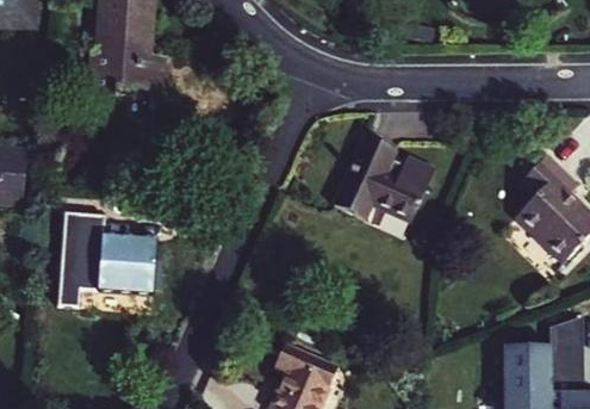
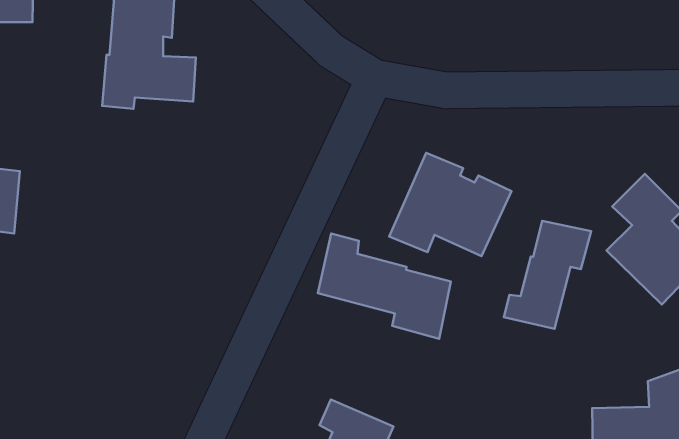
building: none -> [504,221,591,329]
building: none -> [318,233,451,339]
building: [62,213,155,305] -> none

